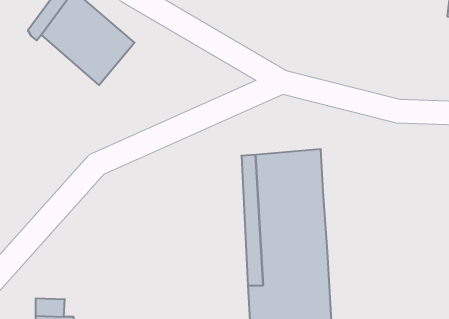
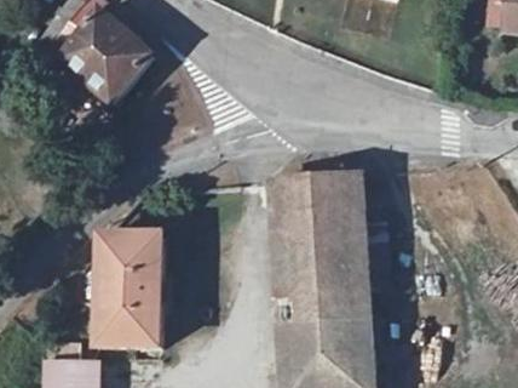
building: none -> [99,234,162,346]

